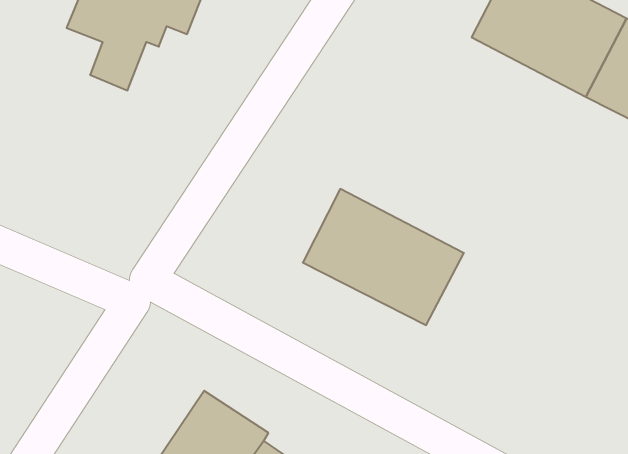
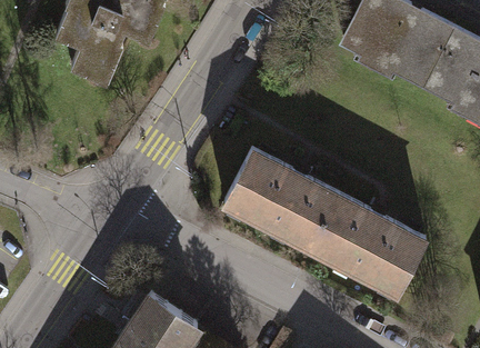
building: none -> [310,196,423,291]

